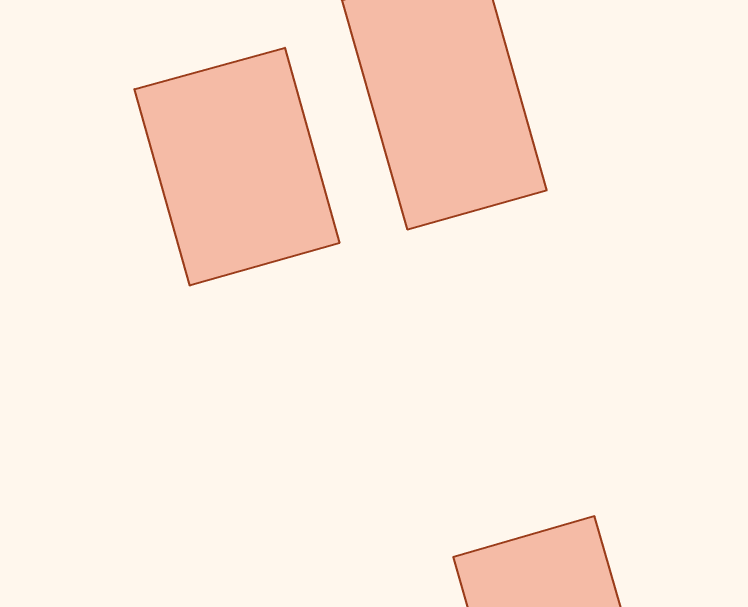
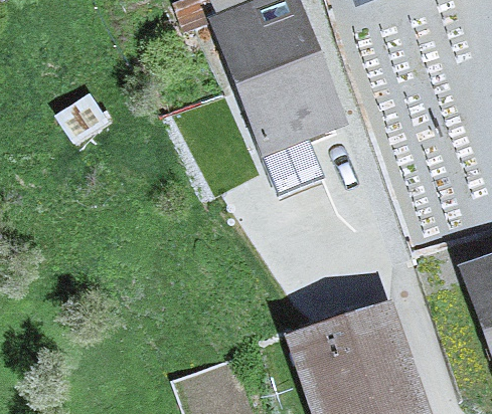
building: [134,48,339,286] -> none

